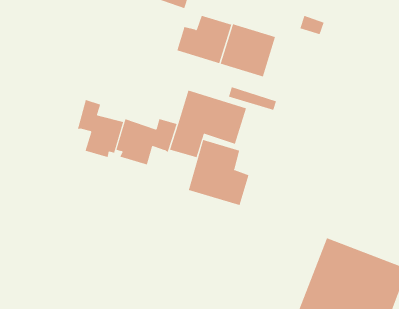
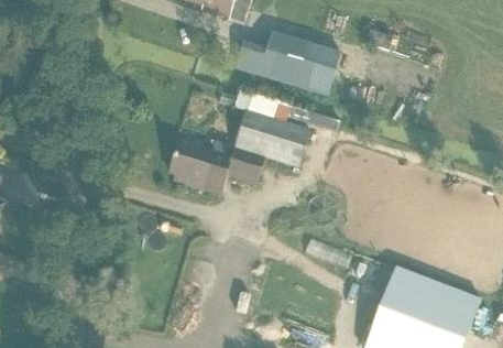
building: [77,99,124,158] -> none
building: [188,139,249,206] -> none

